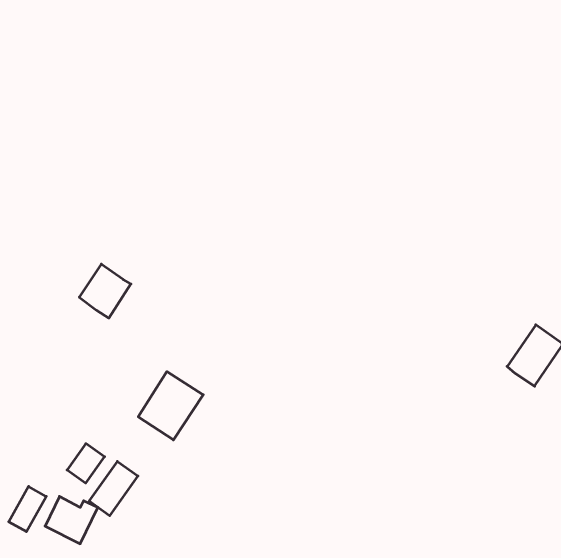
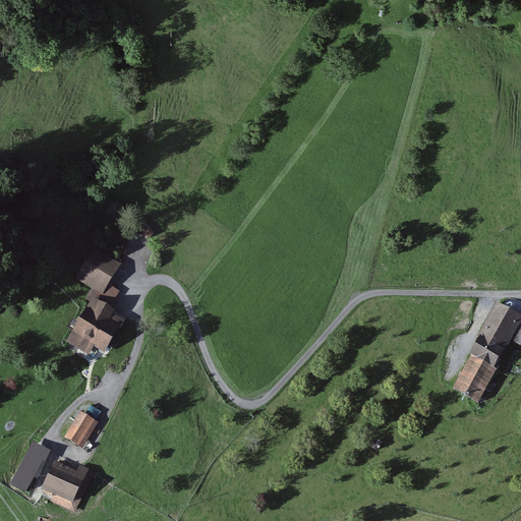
building: [138,372,203,440] -> [66,297,126,360]
building: none -> [450,345,499,404]
building: [89,461,138,516] -> none

